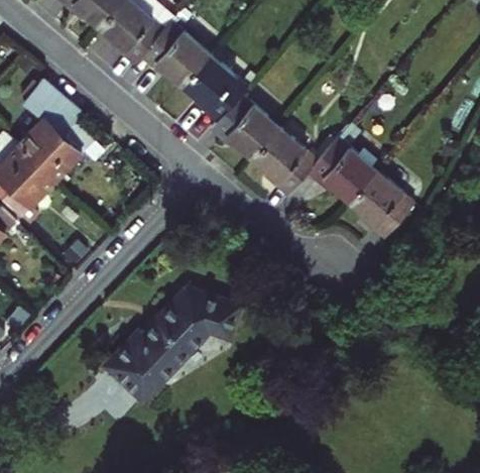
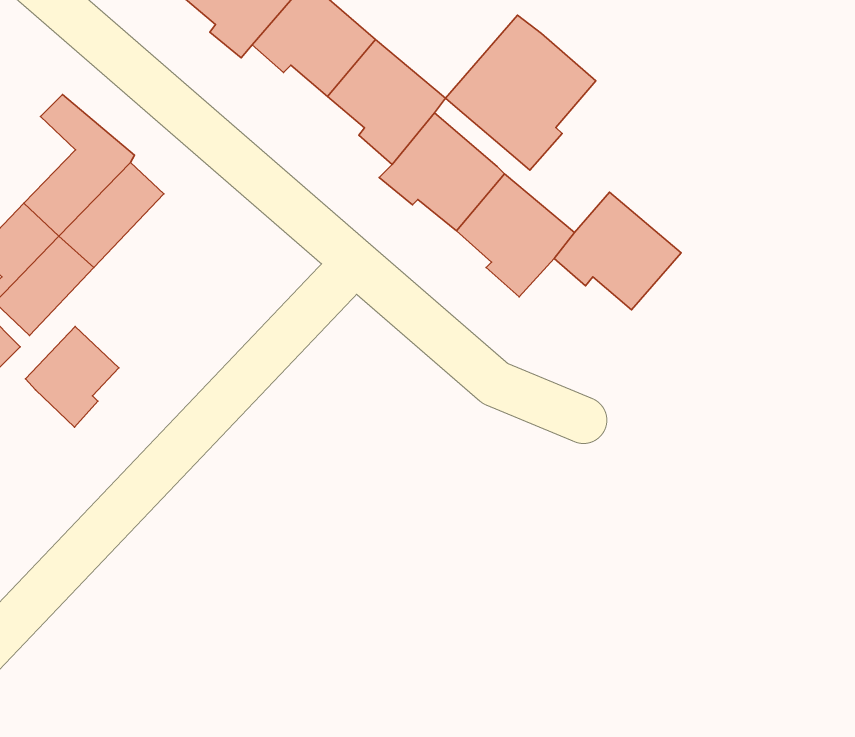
building: none -> [446,15,596,170]
building: [349,171,414,241] -> none
building: none -> [25,326,119,427]
building: [108,290,240,400] -> none

